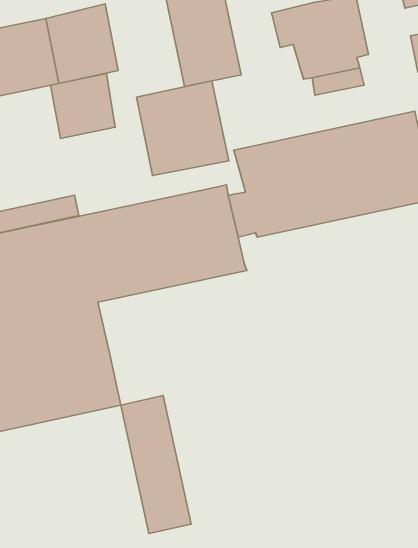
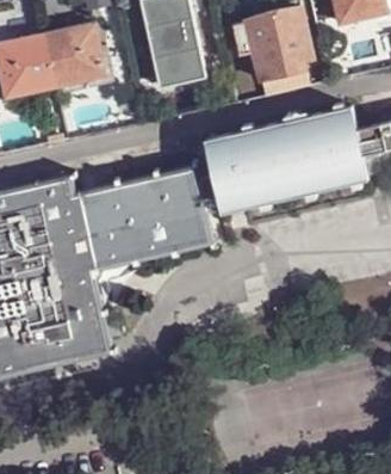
building: [51,74,115,138] -> none
building: [136,81,229,176] -> none
building: [121,395,191,534] -> none

